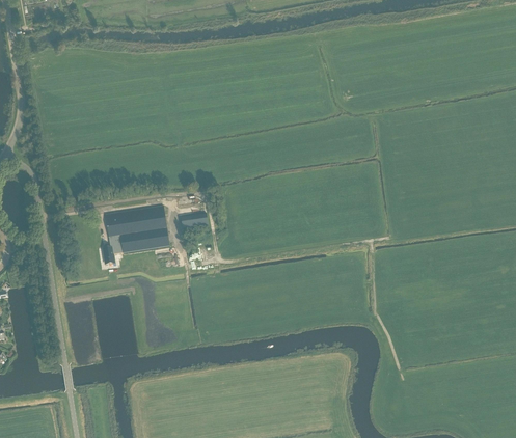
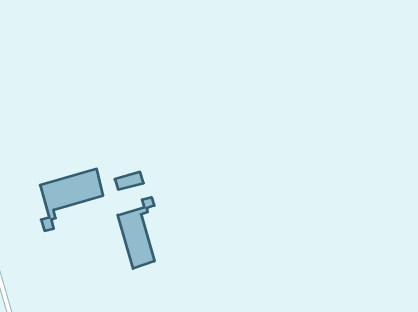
building: none -> [118,197,154,269]

